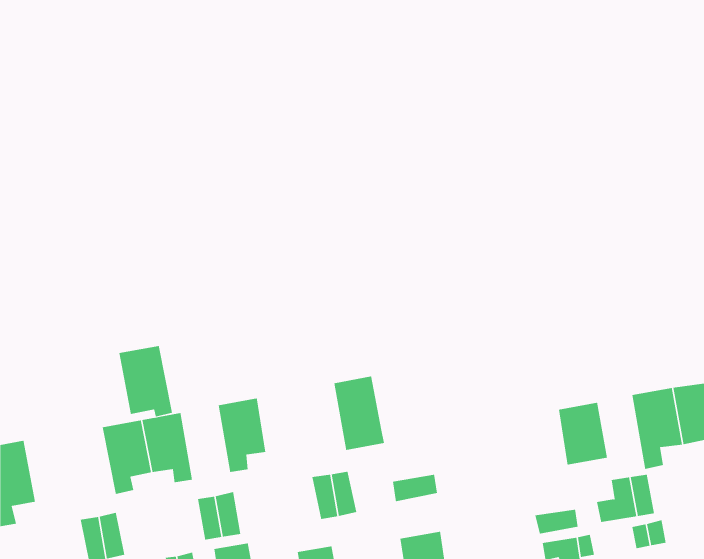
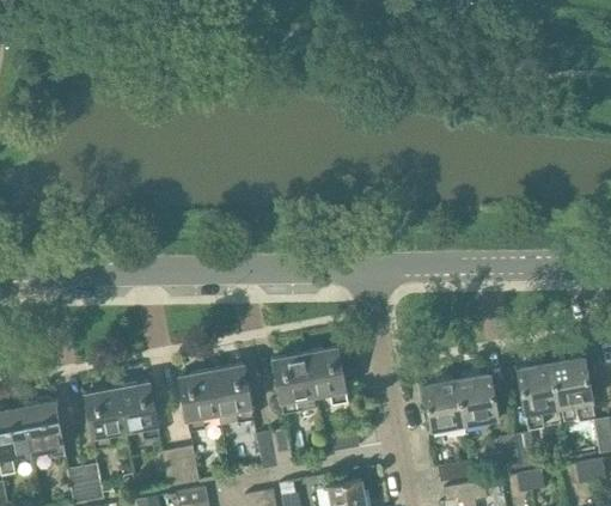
building: [118,345,173,417] -> [22,400,66,458]
building: none -> [305,347,348,406]
building: none -> [212,365,253,422]
building: none -> [423,380,464,432]

